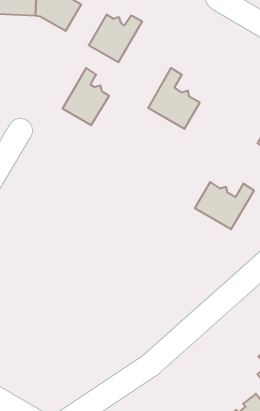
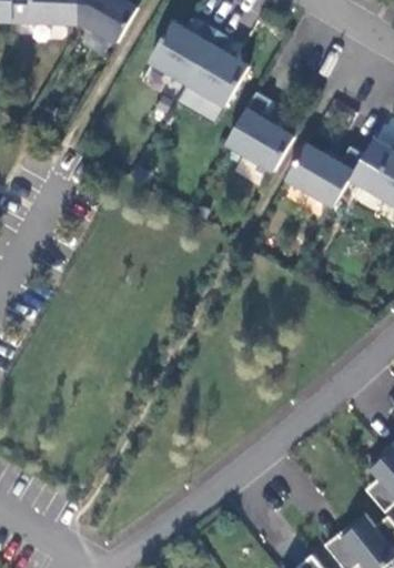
building: [62,68,109,125] -> [184,30,245,105]
building: [195,182,254,229] -> [283,143,361,205]

